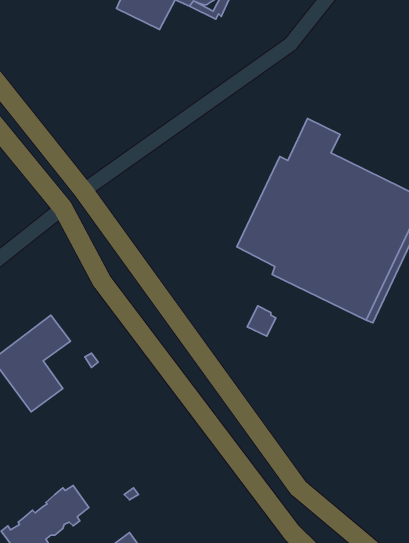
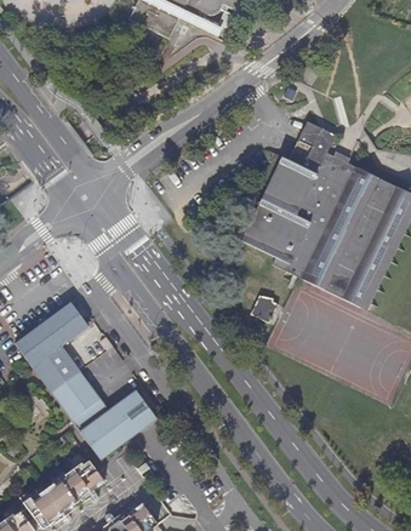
building: none -> [51,370,156,459]

